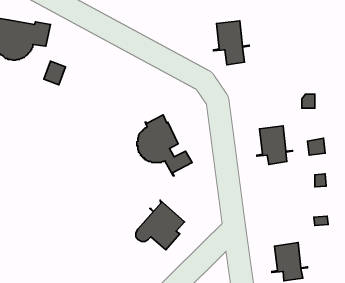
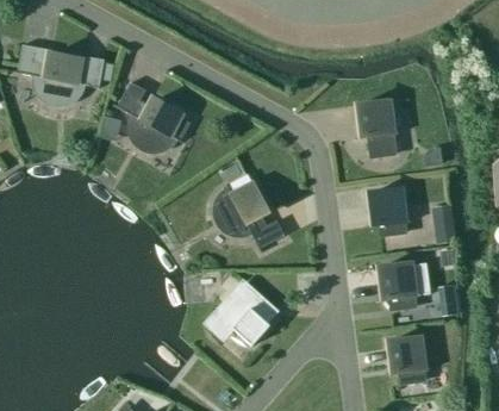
building: [214,21,249,65] -> [356,100,401,156]
building: none -> [114,81,193,151]
building: none -> [378,262,423,311]

